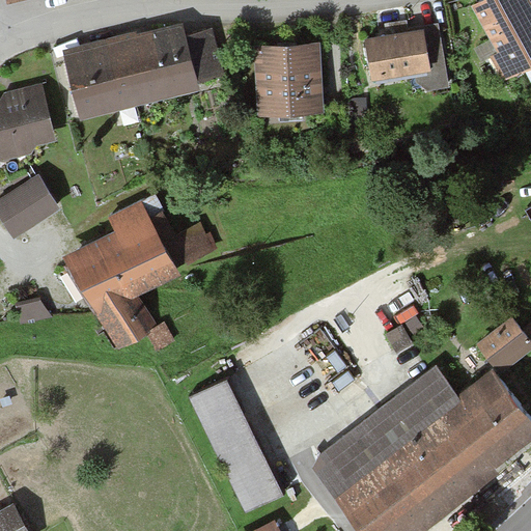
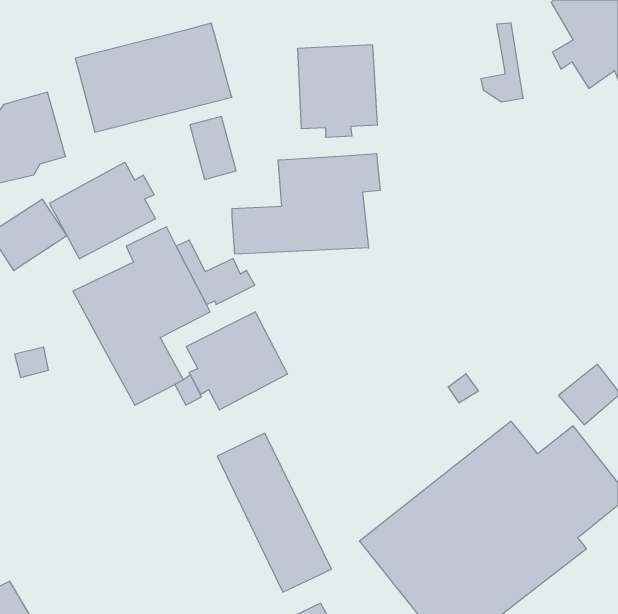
building: [362,26,431,80] -> none
building: [184,28,223,82] -> [190,116,236,179]
building: none -> [232,154,380,254]
building: none -> [49,162,155,259]
building: none -> [186,312,288,410]

